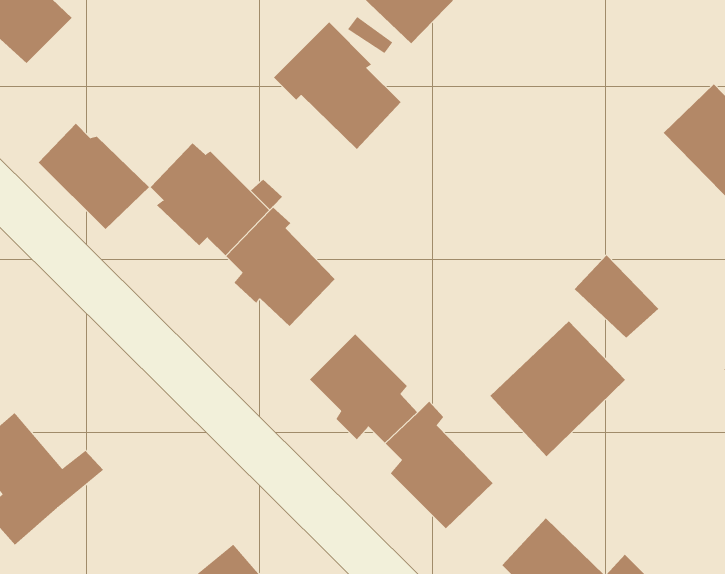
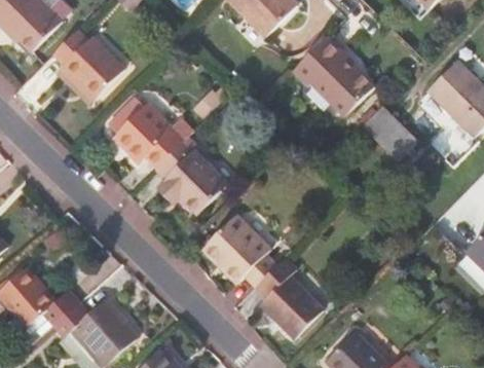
building: [273,22,401,150] -> [296,35,376,115]
building: [38,123,150,230] -> [49,29,119,96]
building: [574,255,659,338] -> [363,105,416,157]
building: [489,320,626,457] -> none
building: none -> [48,299,132,363]

